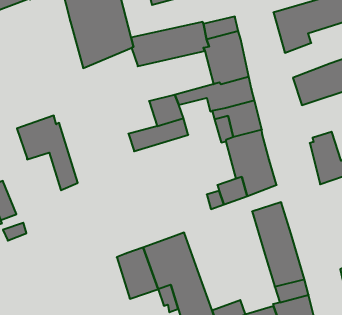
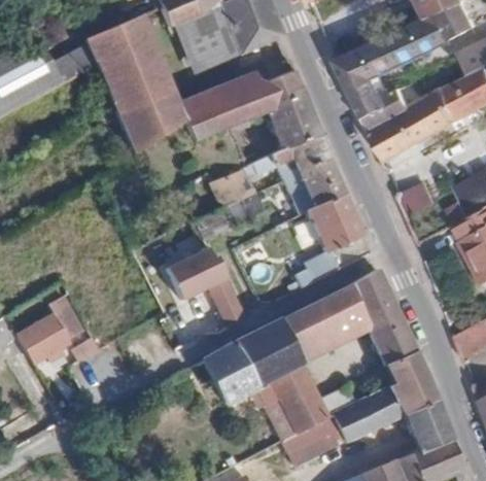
building: none -> [355,87,408,129]
building: [17,116,78,190] -> [167,248,244,331]
building: none -> [274,285,368,365]

